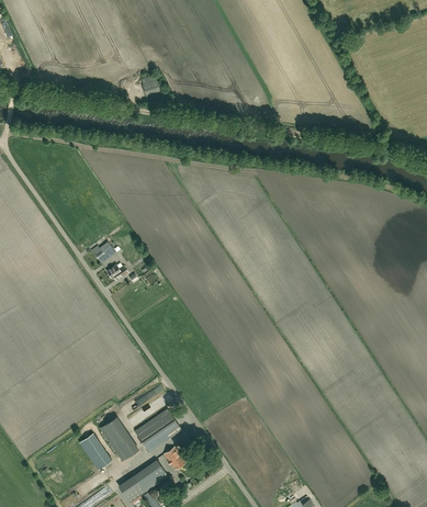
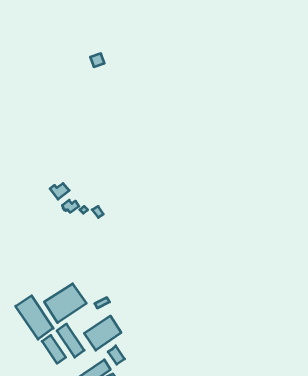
building: none -> [44,284,86,323]
building: none -> [16,296,53,339]

